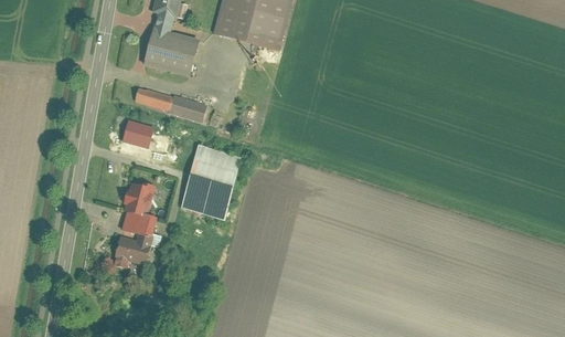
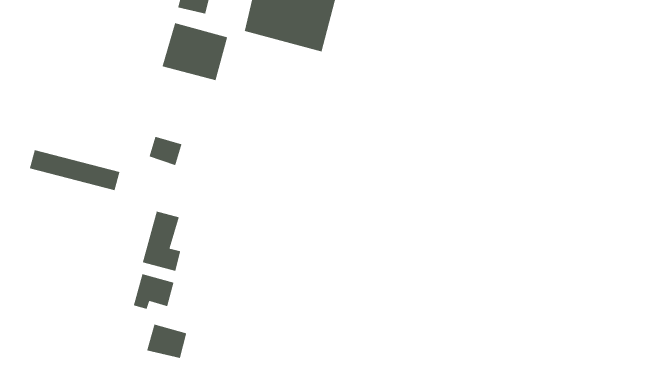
building: [136,86,213,122] -> [29,149,120,191]
building: [181,146,244,220] -> none
building: none -> [146,323,187,359]

